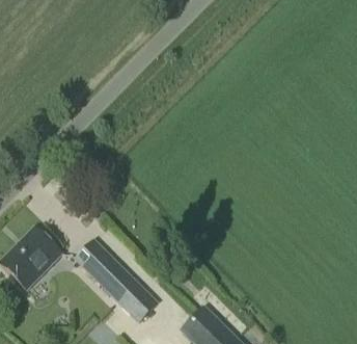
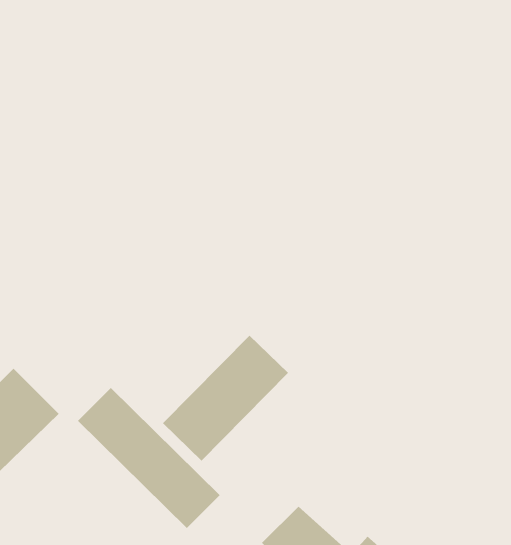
building: none -> [162,335,289,462]

